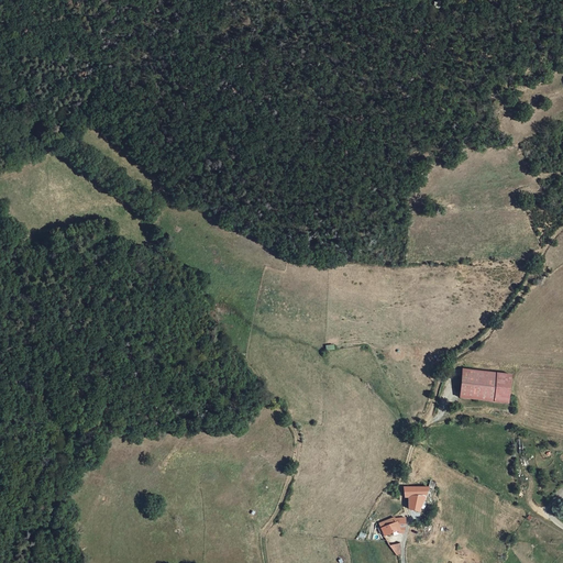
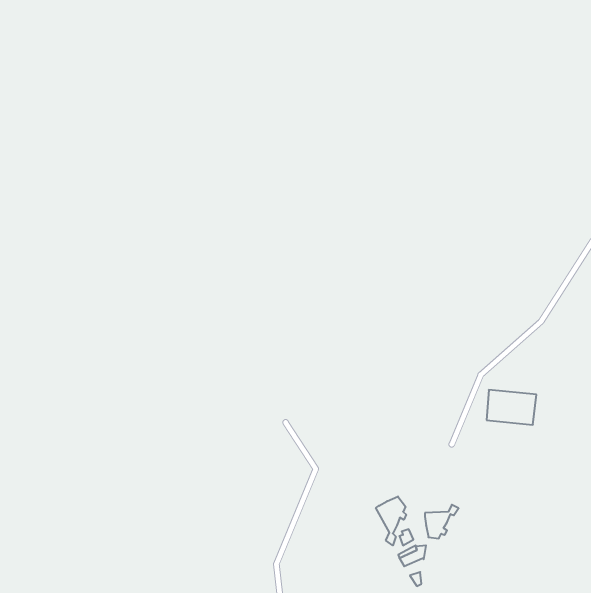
building: none -> [376,496,406,545]

